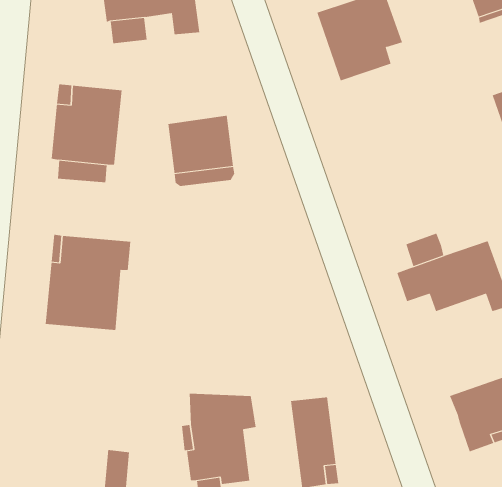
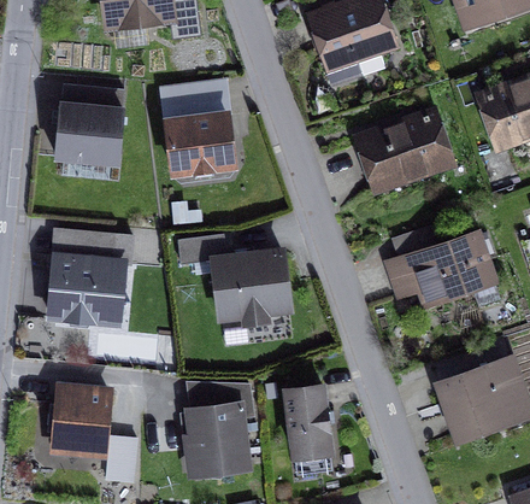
building: none -> [163,82,225,123]
building: none -> [358,111,452,189]
building: none -> [178,234,289,322]
building: none -> [54,387,108,453]

